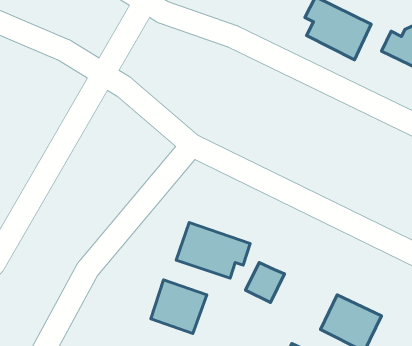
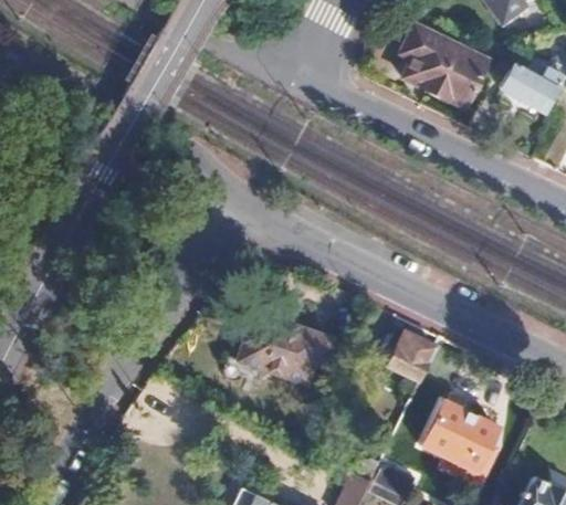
building: [245,262,285,302] -> [386,332,436,382]
building: [151,280,207,333] -> none

